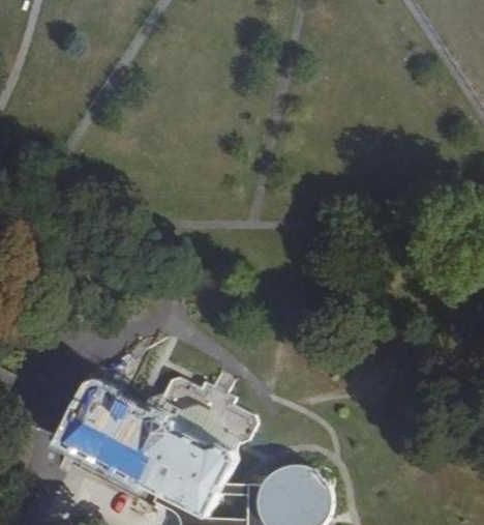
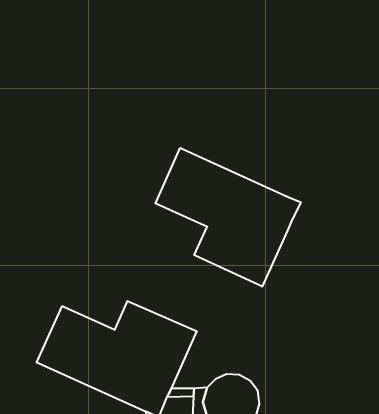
building: none -> [155,148,301,287]

